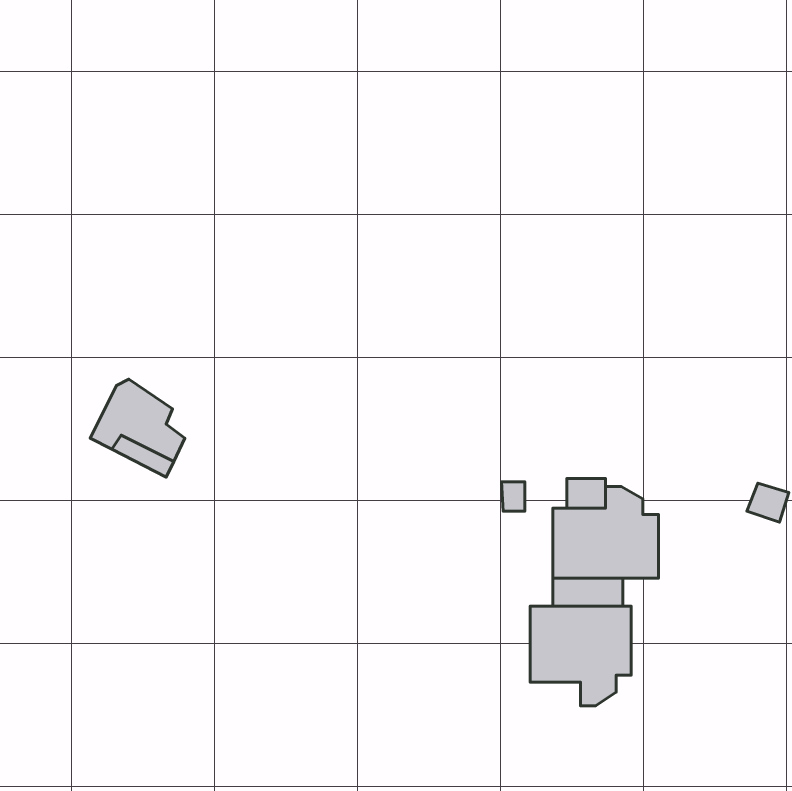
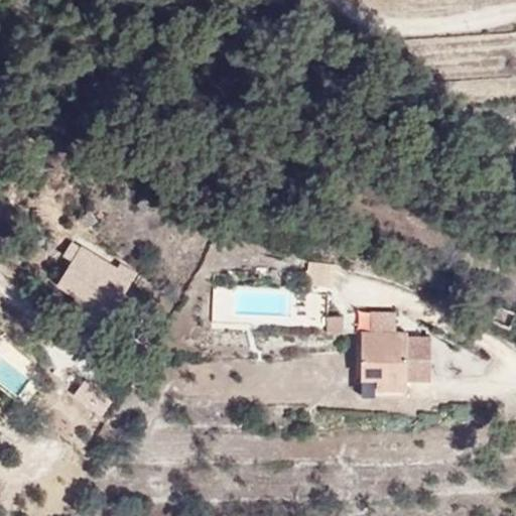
building: [530,606,631,706] -> none

